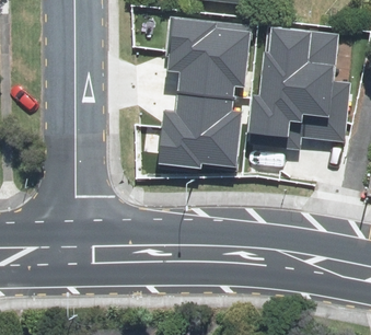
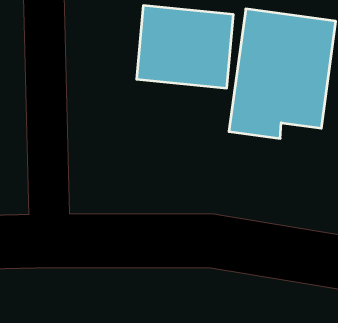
building: [159,93,253,171] -> none

